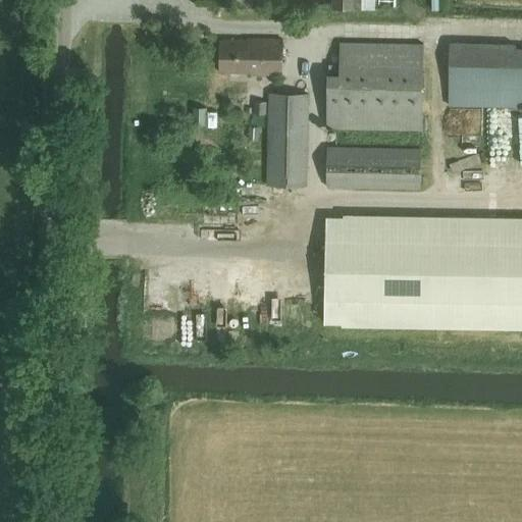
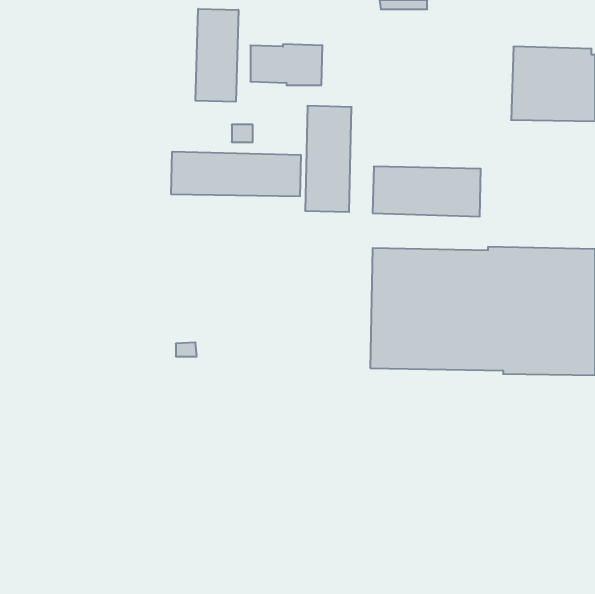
building: none -> [196,9,238,102]
building: [326,43,423,130] -> none
building: none -> [171,152,301,196]

